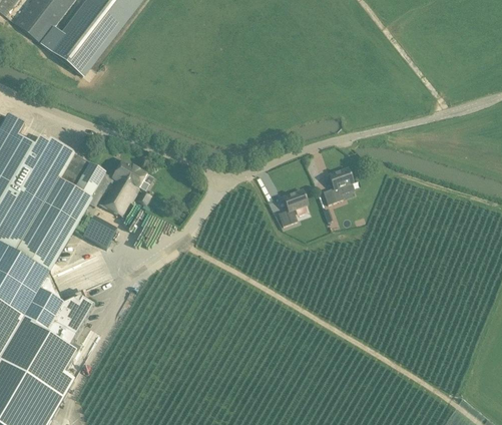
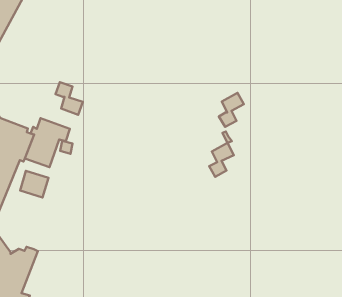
building: none -> [55,82,83,115]
building: [277,188,307,225] -> [209,143,234,177]

